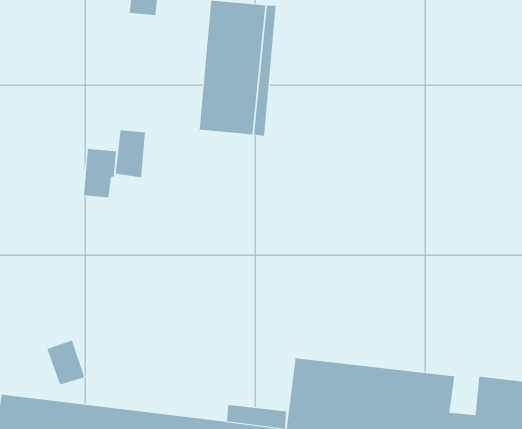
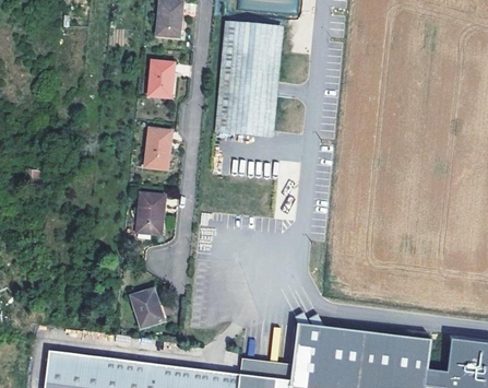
building: none -> [147,61,174,99]
building: [83,149,117,198] -> [136,196,165,237]
building: [46,340,85,385] -> [131,291,164,329]

